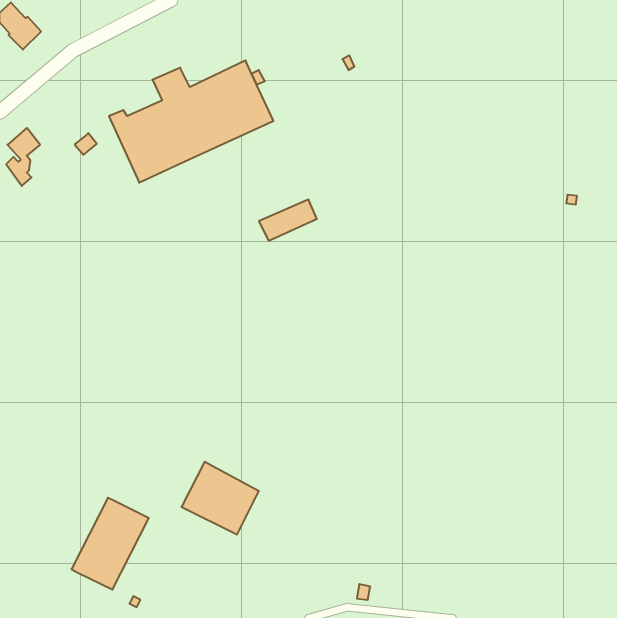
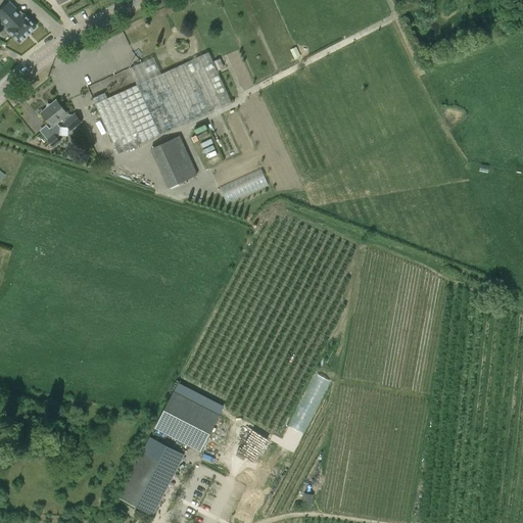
building: [6,128,40,186] -> [39,99,67,148]
building: none -> [149,135,197,188]
building: [71,498,149,590] -> [117,437,183,515]

